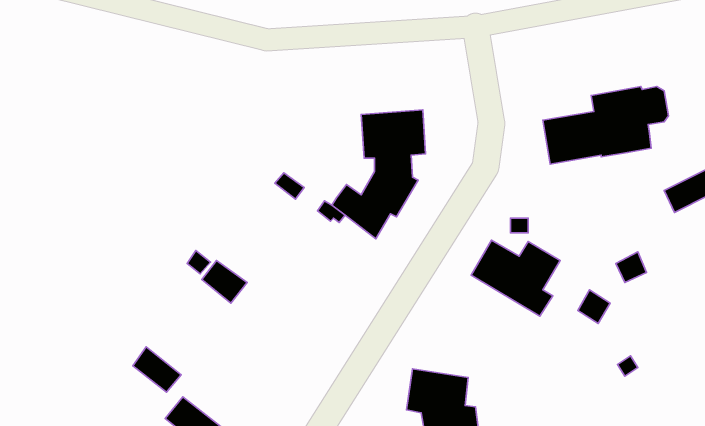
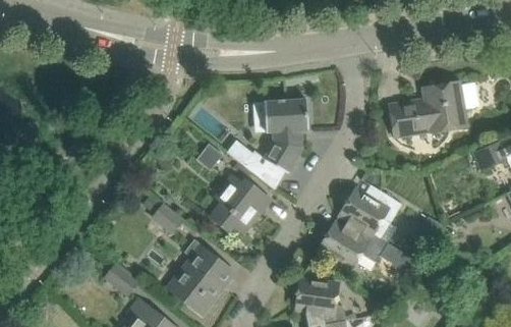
building: none -> [209,175,270,234]
building: none -> [318,214,411,271]
building: none -> [171,240,233,315]

